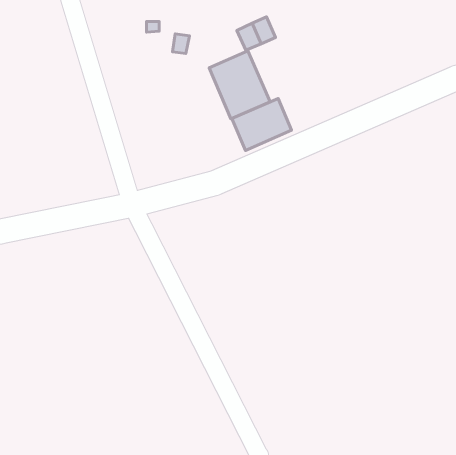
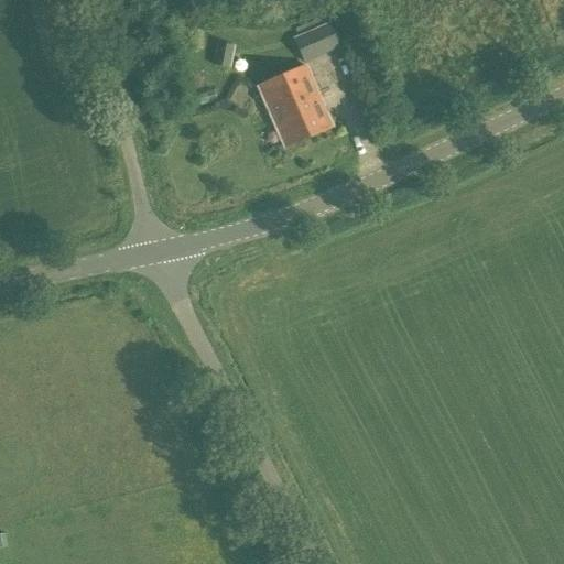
building: [232,99,291,150] -> none

